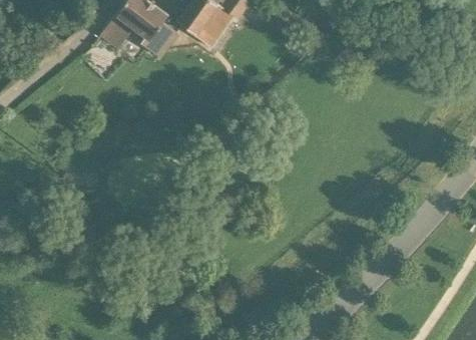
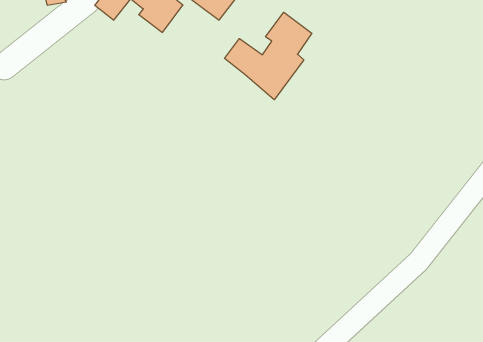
building: none -> [225,12,312,100]

